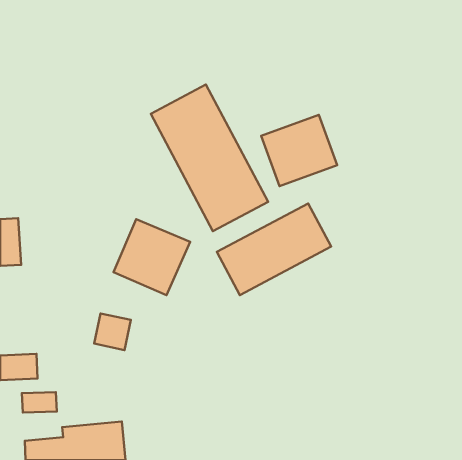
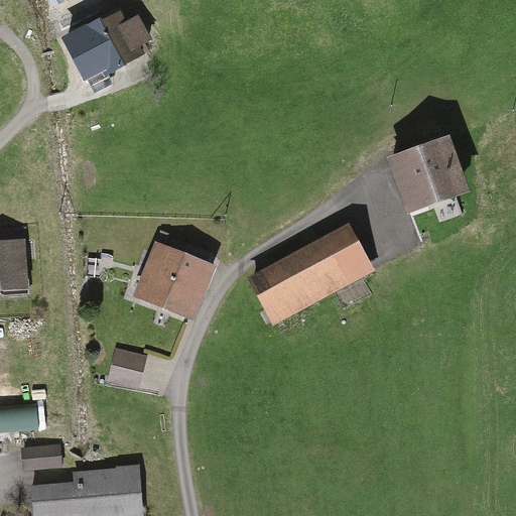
building: none -> [62,10,154,79]
building: [151,84,268,231] -> none
building: [261,115,337,186] -> [384,137,468,216]

